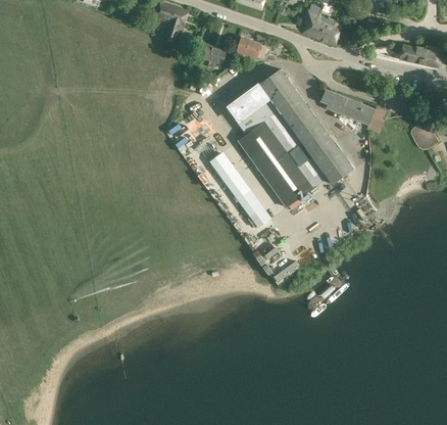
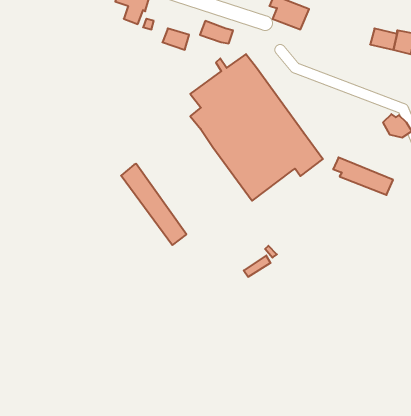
building: [319,89,377,125] -> [333,157,393,195]
building: [209,151,271,229] -> [121,164,186,245]

